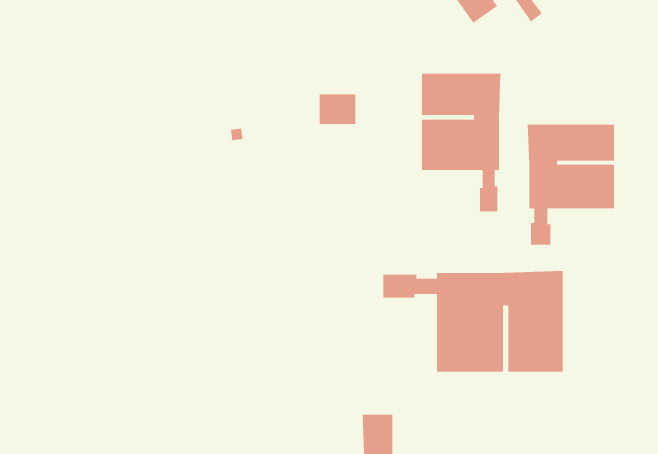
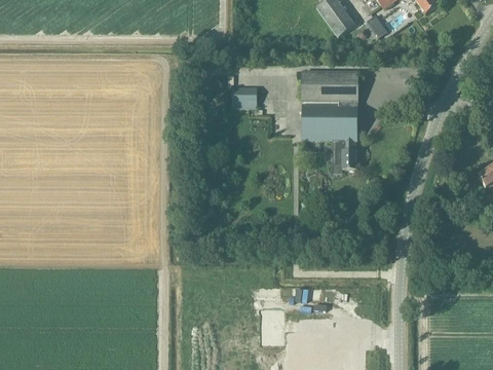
building: [527,124,615,246] -> none
building: [382,270,563,372] -> none

